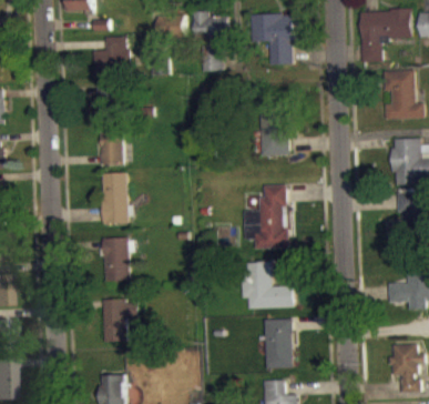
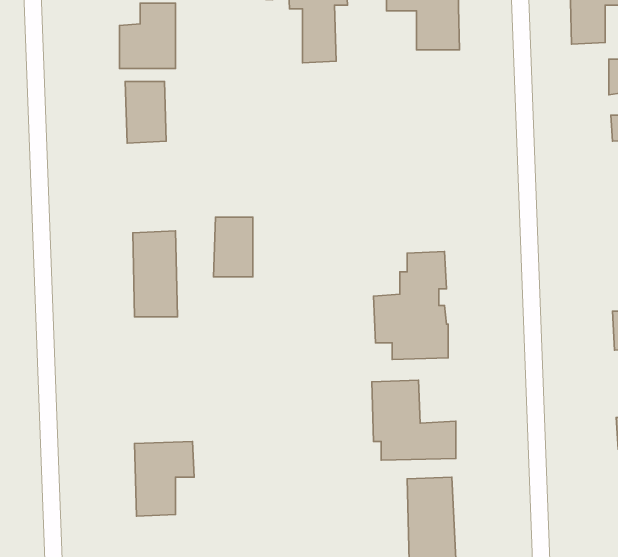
building: [261,117,288,155] -> none
building: [99,129,122,164] -> [214,217,253,277]
building: [103,238,129,281] -> none

